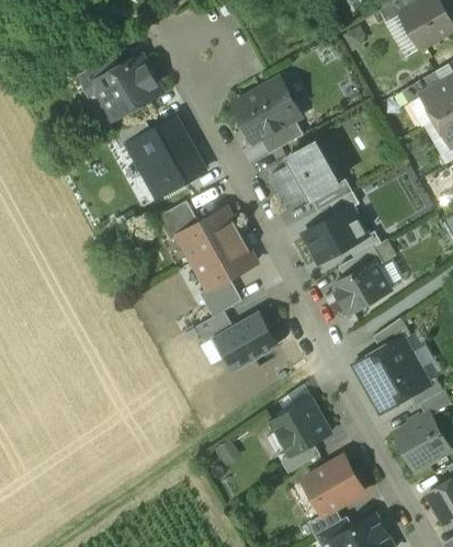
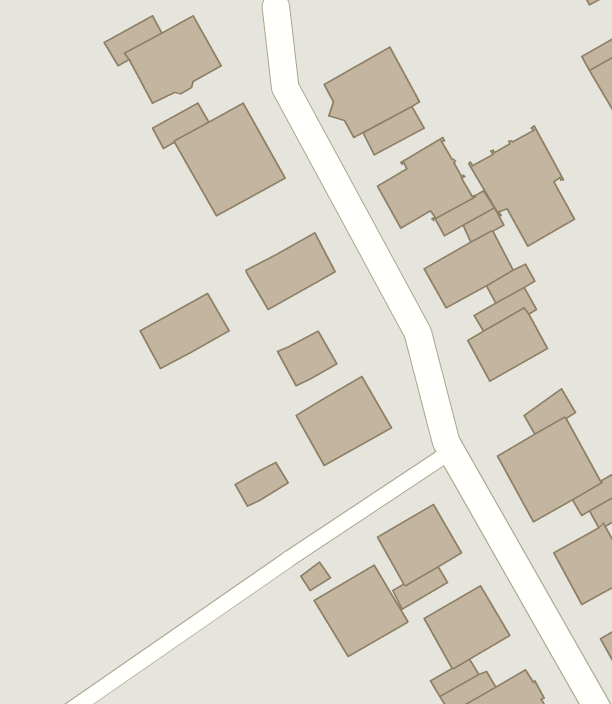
building: none -> [469,126,574,246]
building: [157,201,199,240] -> none
building: [193,236,256,288] -> [140,293,229,368]
building: [195,310,233,341] -> [235,463,288,506]
building: none -> [314,565,408,657]

